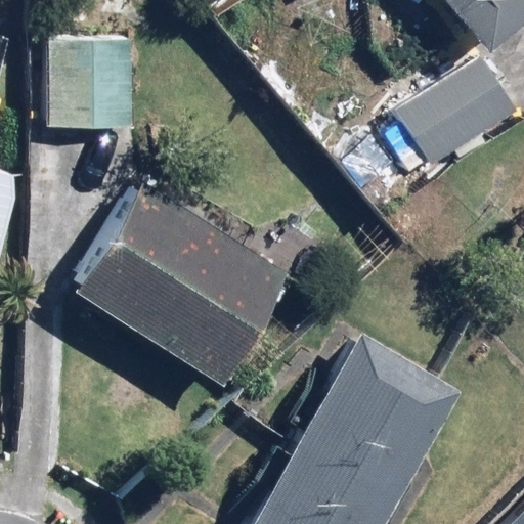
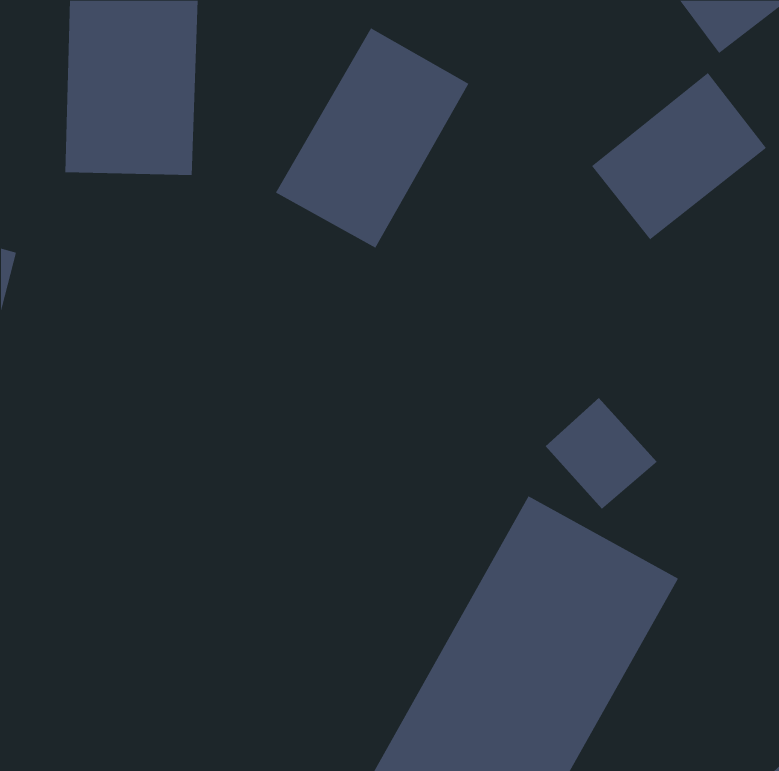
building: none -> [275,27,469,248]
building: [83,189,280,370] -> none

